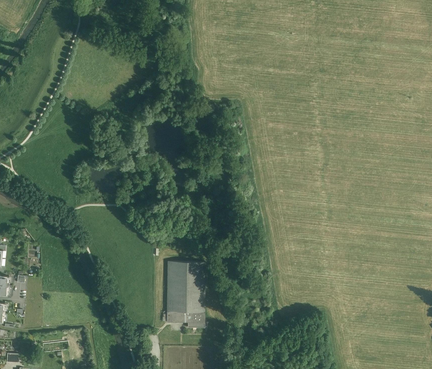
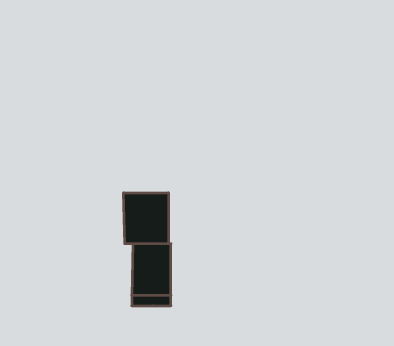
building: none -> [124,193,168,244]

